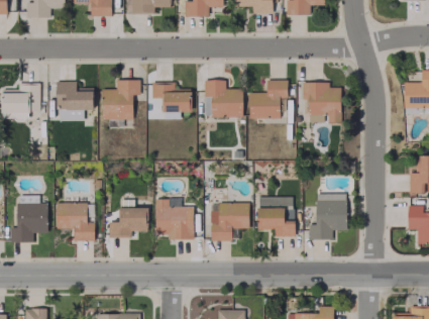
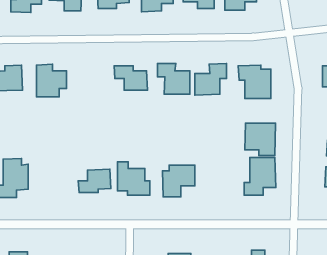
building: [102,80,140,119] -> none
building: [257,197,295,236] -> [245,123,276,156]
building: [56,202,95,241] -> none

